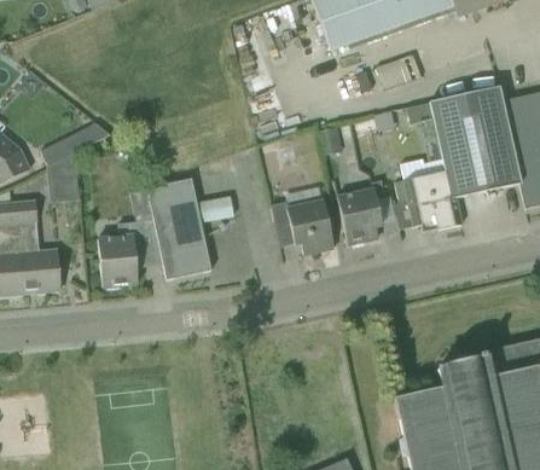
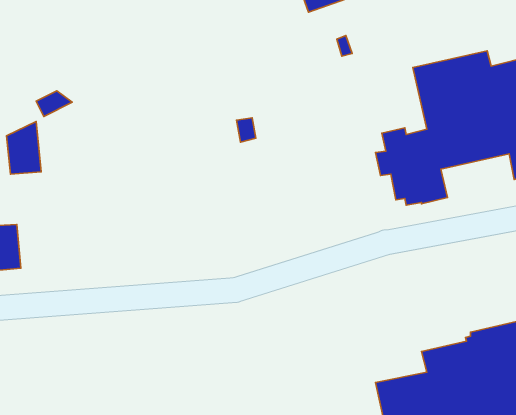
building: [98,178,211,289] -> none
building: [337,180,387,244] -> none
building: [271,199,333,254] -> none

